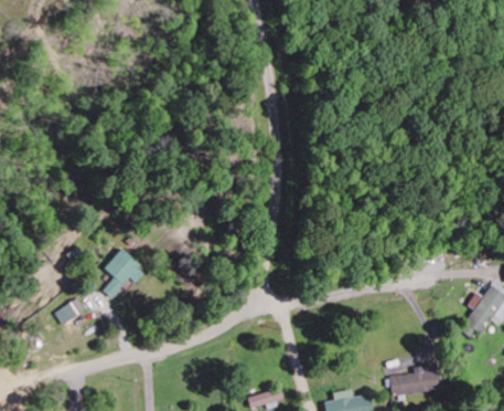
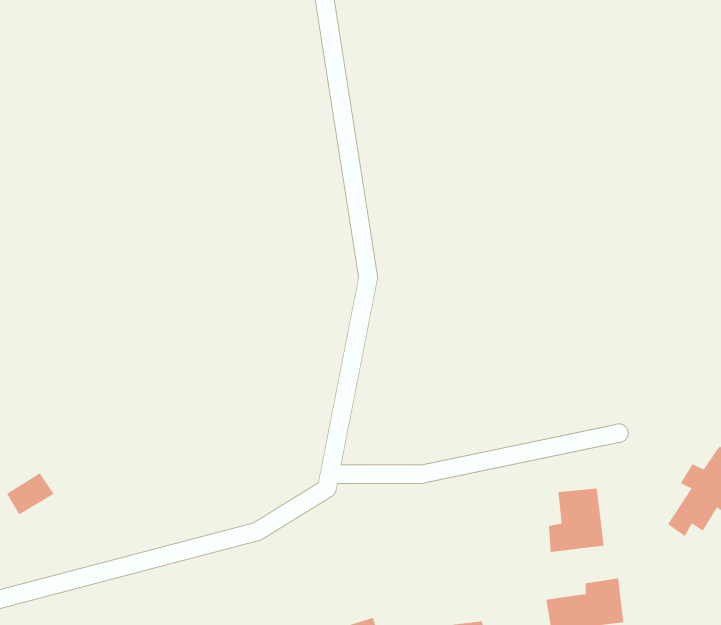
building: [103,250,146,298] -> none
building: none -> [548,488,604,553]

